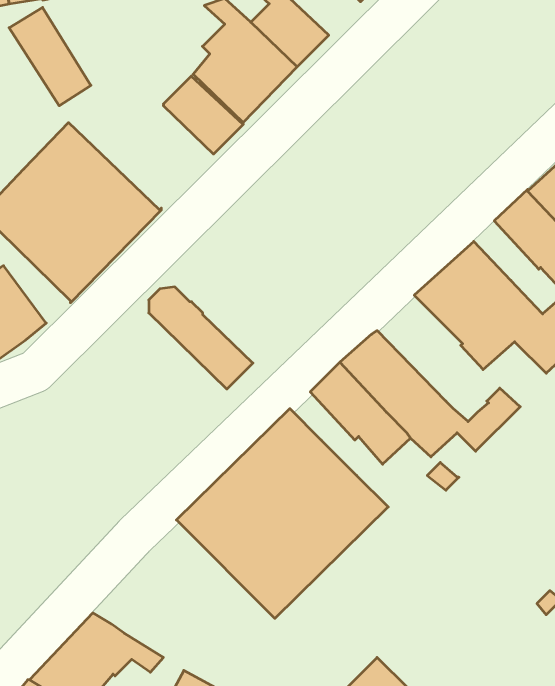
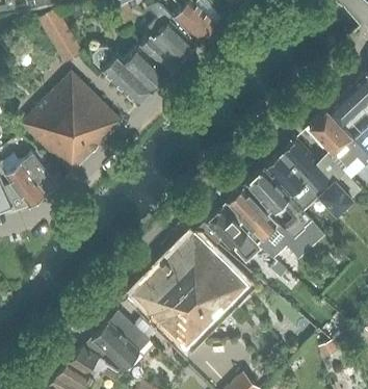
building: [149,287,253,389] -> [94,48,152,105]
building: none -> [246,171,312,240]
building: none -> [84,311,150,370]

